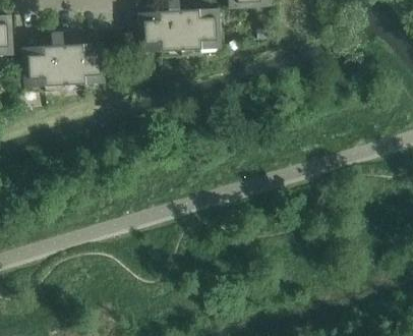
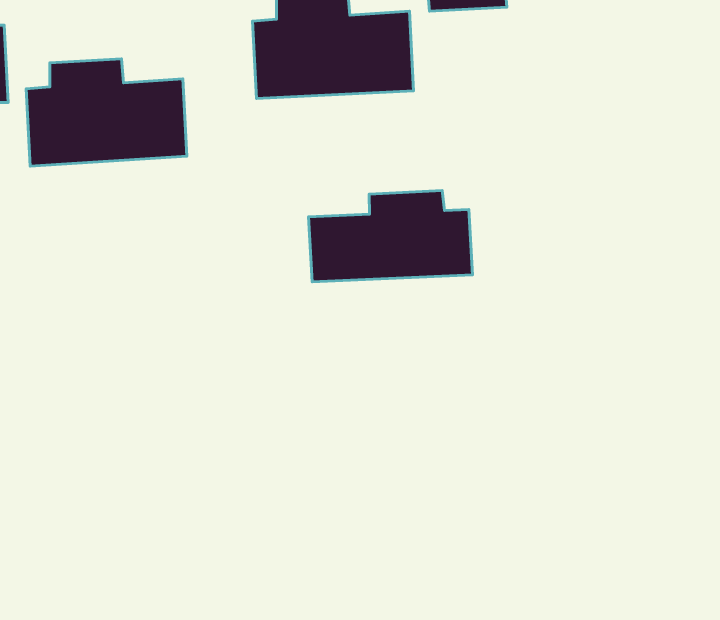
building: none -> [308,190,472,282]

